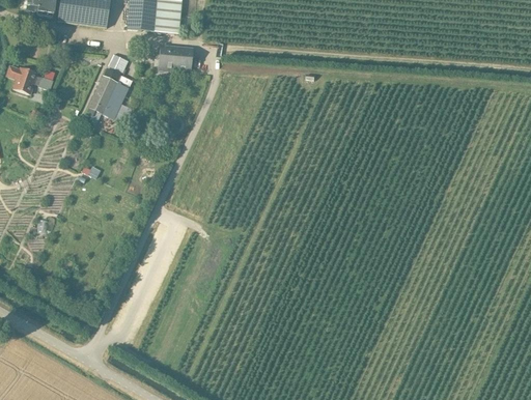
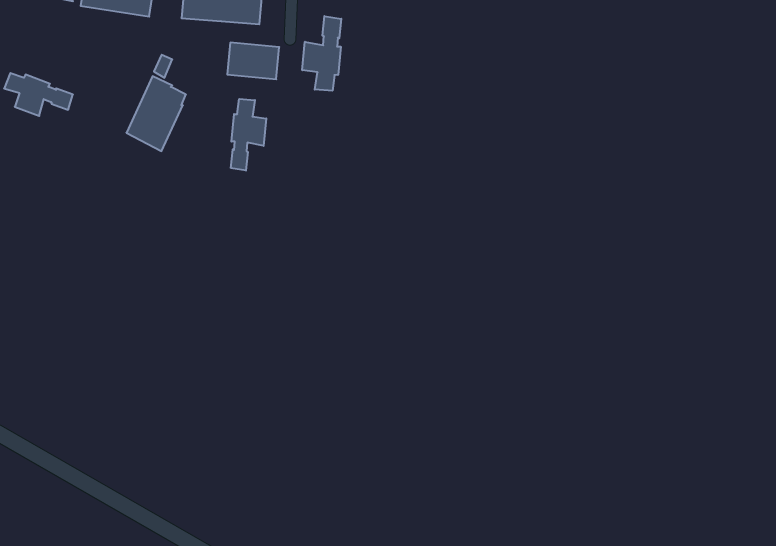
building: none -> [302,16,341,91]
building: none -> [231,99,266,171]

